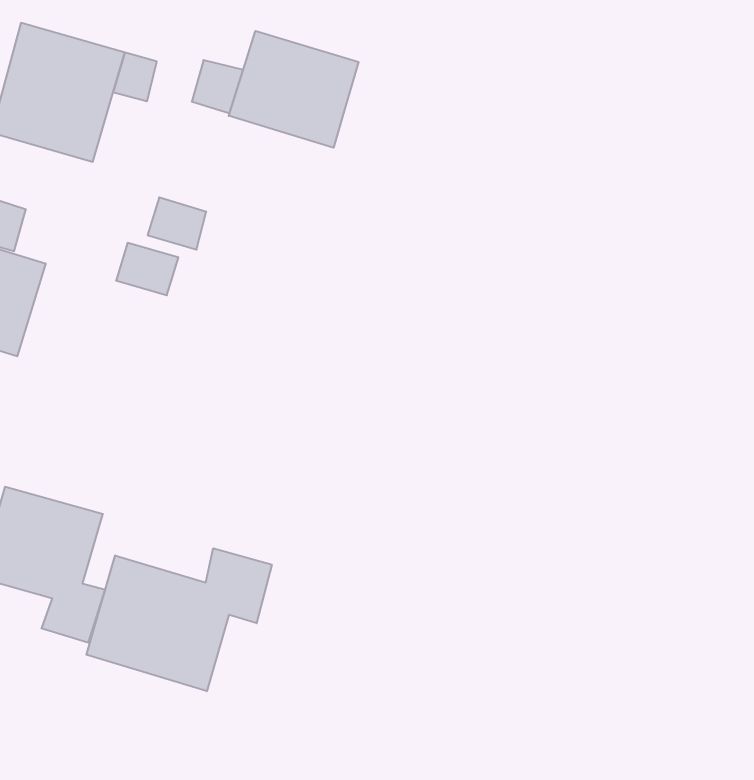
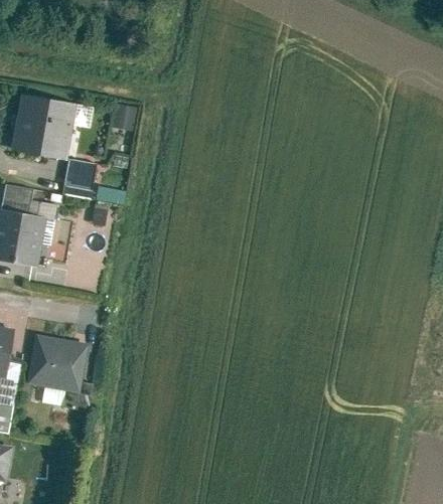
building: [229,31,359,148] -> none
building: none -> [64,159,95,189]
building: [86,548,272,691] -> none

